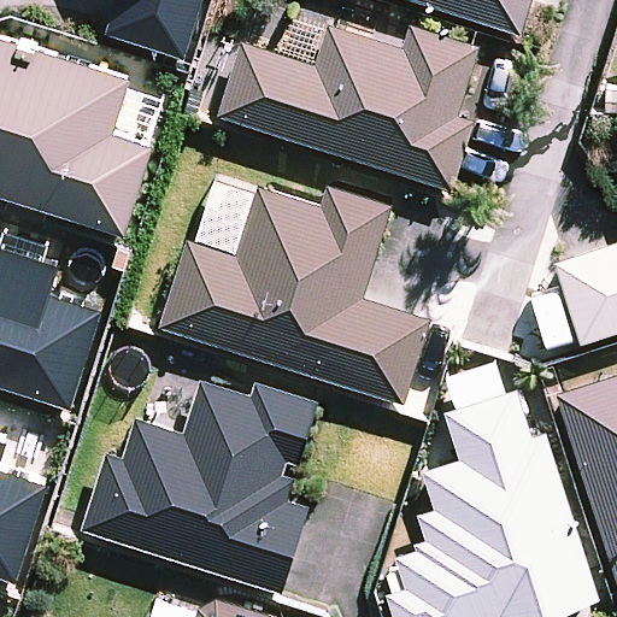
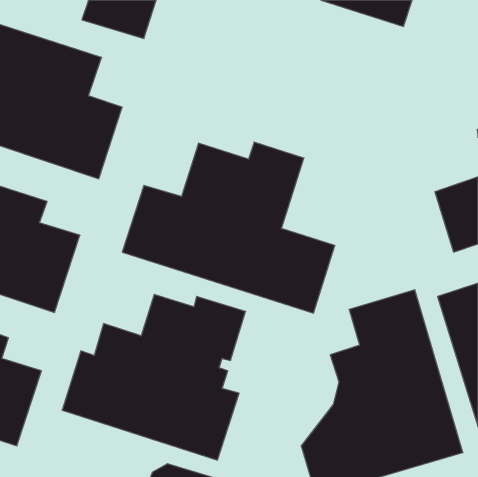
building: [215,28,477,193] -> none

